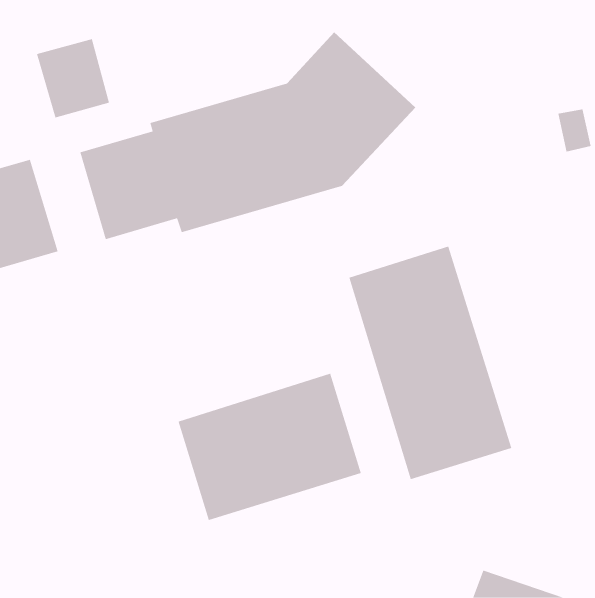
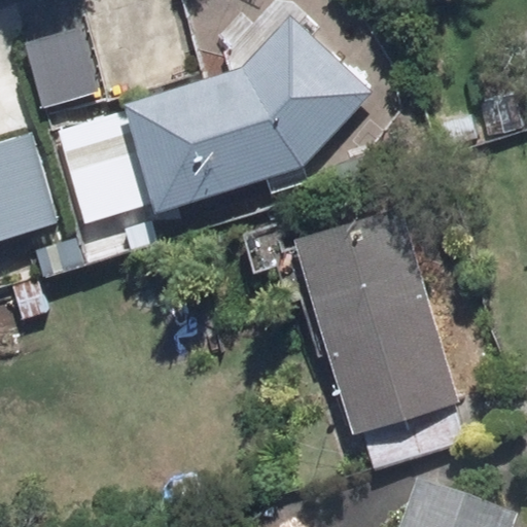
building: [178,373,362,521] -> none

